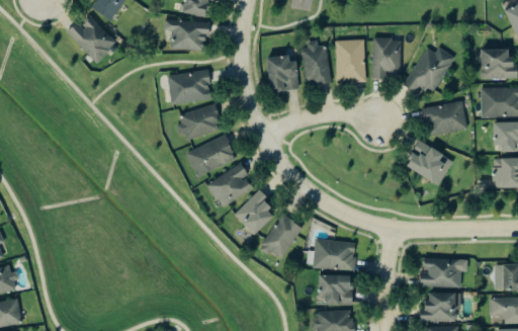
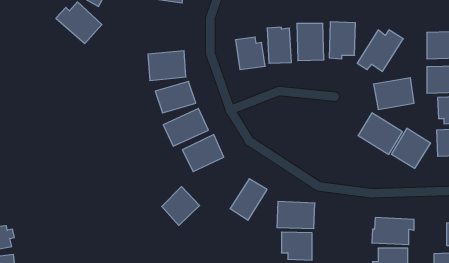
building: [163,19,206,50] -> none
building: none -> [392,128,431,168]
building: [234,190,276,234] -> [162,187,200,225]

